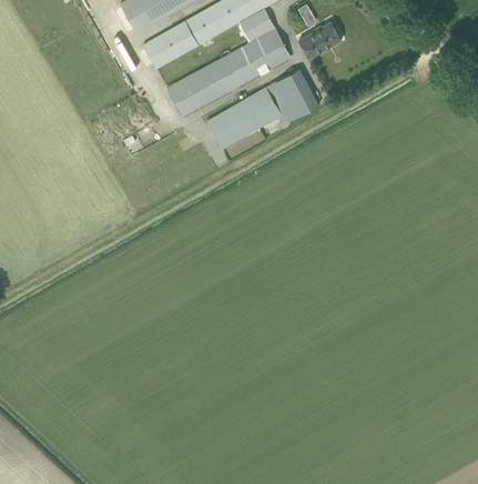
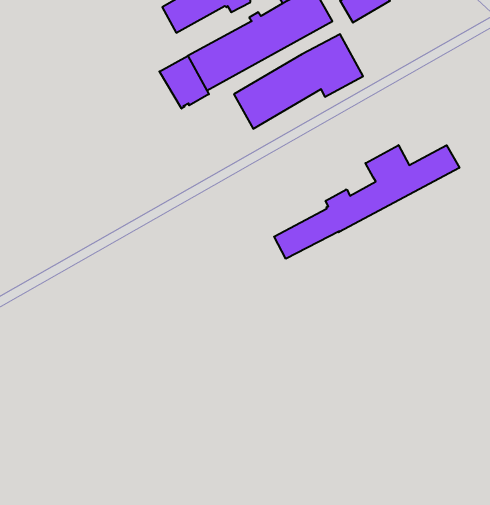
building: none -> [159,56,209,109]
building: none -> [274,145,459,259]

